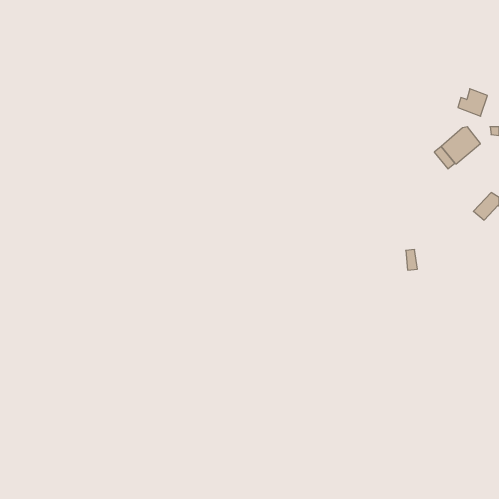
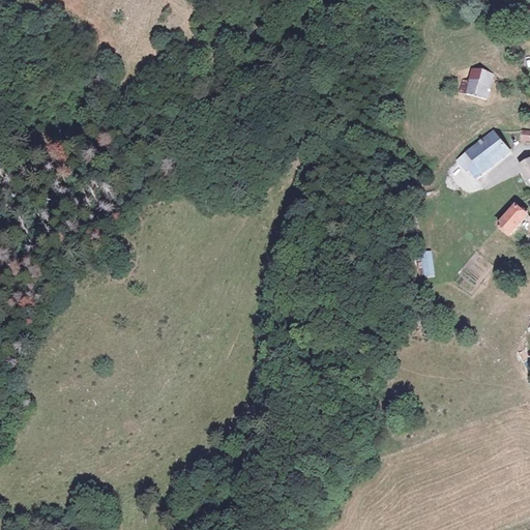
building: [458,89,487,116] -> [462,67,493,96]

